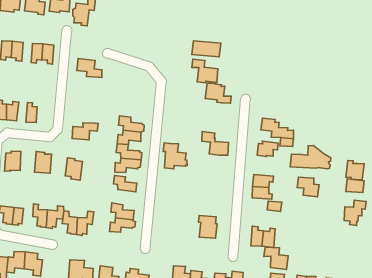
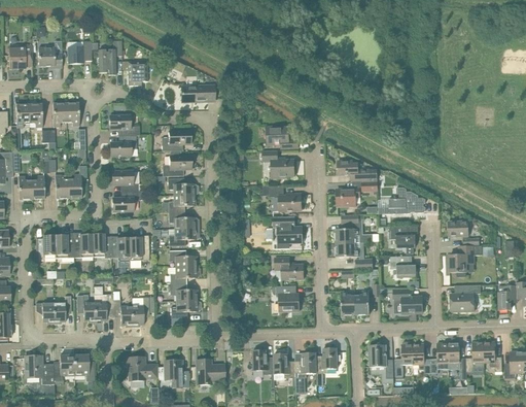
building: none -> [128,61,147,84]
building: [192,41,221,57] -> [181,83,214,101]
building: [192,59,218,83] -> [262,150,294,177]
building: none -> [110,134,136,156]
building: none -> [162,129,190,150]
building: none -> [67,165,86,197]
building: none -> [162,155,191,175]
building: none -> [111,169,138,191]
building: [163,143,187,169] -> [274,215,305,246]
building: none -> [54,232,73,257]
building: none -> [91,233,110,257]
building: [346,161,364,180] -> none
building: none -> [129,234,149,260]
building: none -> [169,266,200,283]
building: none -> [275,257,304,279]
building: none -> [390,255,416,276]
building: none -> [450,284,481,311]
building: [264,247,288,269] -> [393,287,422,312]

